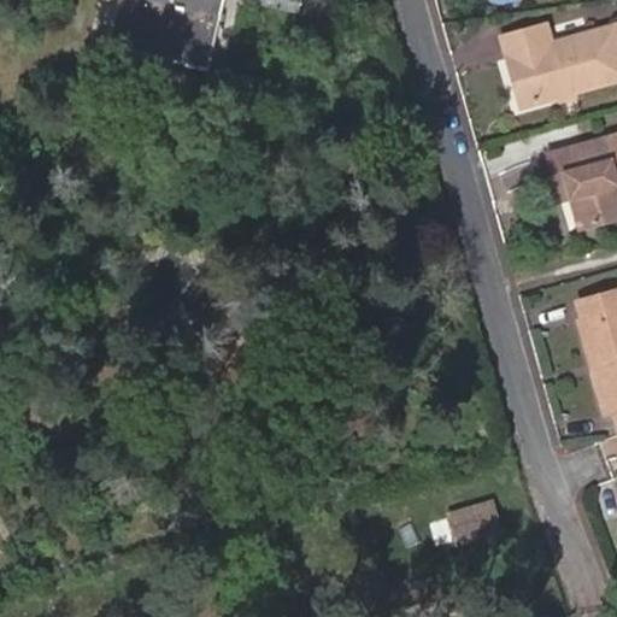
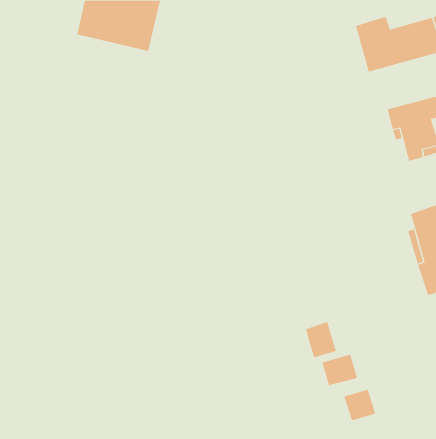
building: none -> [305,321,337,358]
building: none -> [344,389,376,421]

